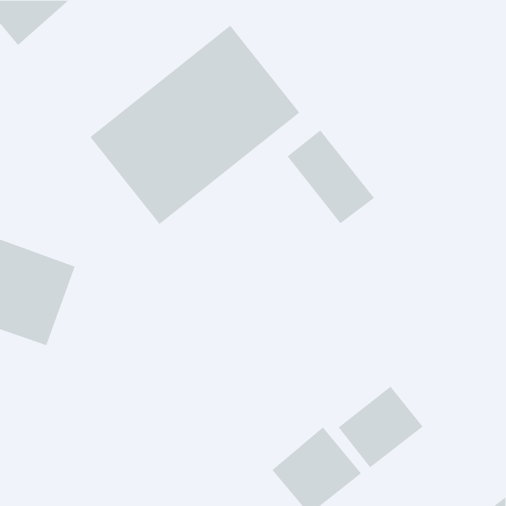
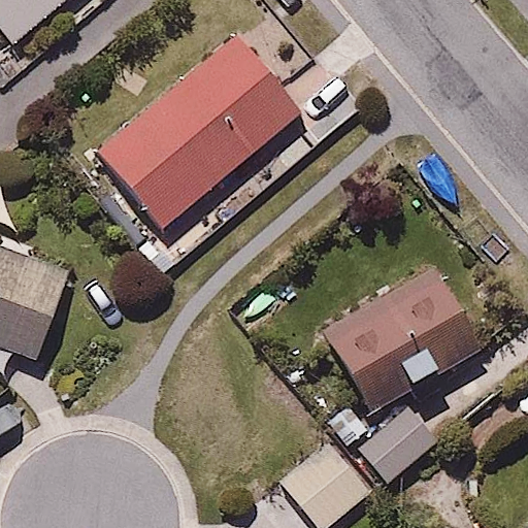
building: [287,130,375,224] -> none
building: none -> [316,259,476,407]

